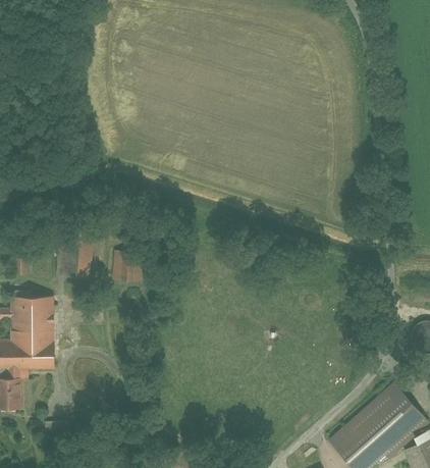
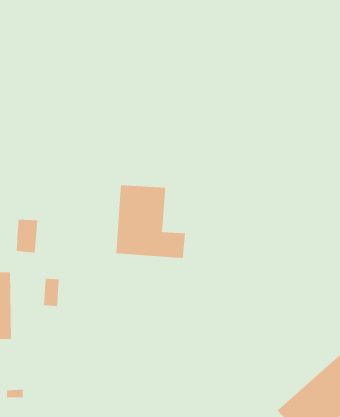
building: none -> [116,184,186,259]
building: [113,252,130,281] -> [43,278,60,306]

